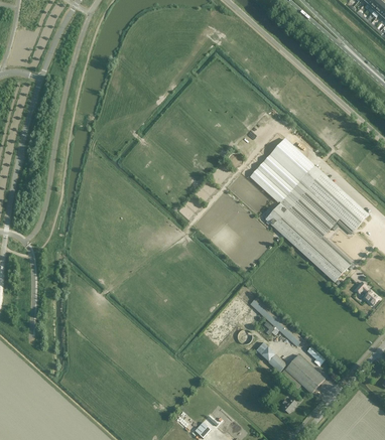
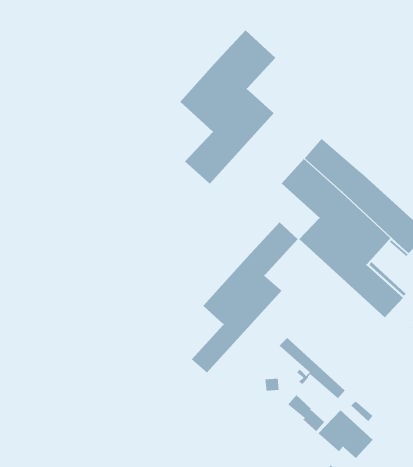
building: none -> [180,29,276,184]
building: none -> [191,221,299,374]

